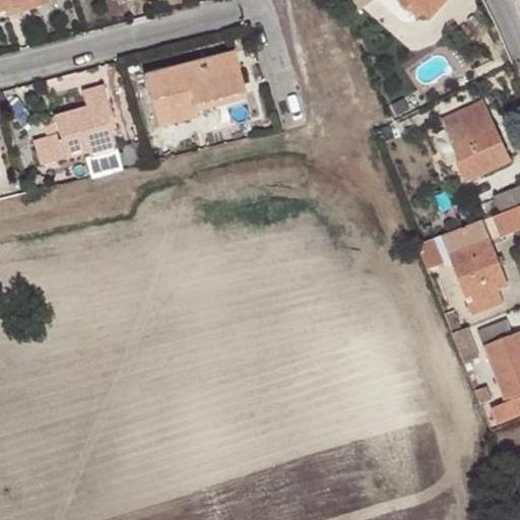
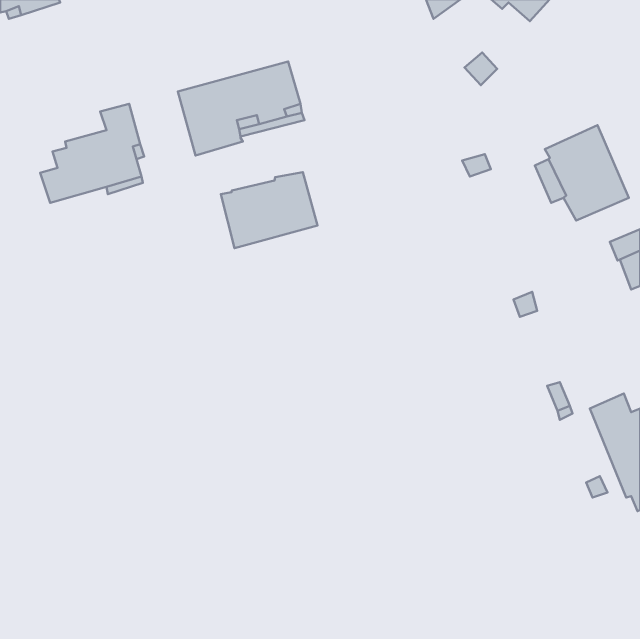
building: none -> [221,172,318,248]
building: [440,218,508,315] -> none

